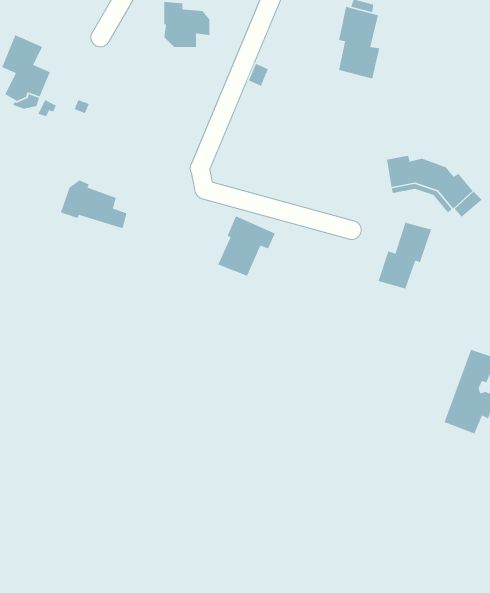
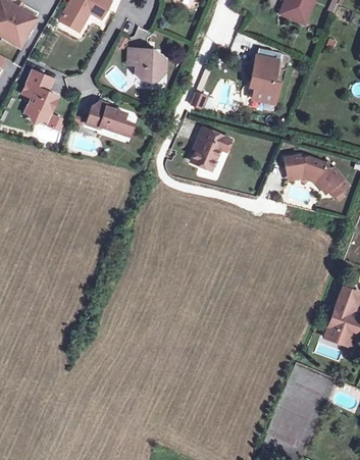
building: [60,180,128,229] -> [86,101,132,135]
building: [217,215,276,277] -> [191,126,230,168]
building: [378,222,432,290] -> none

